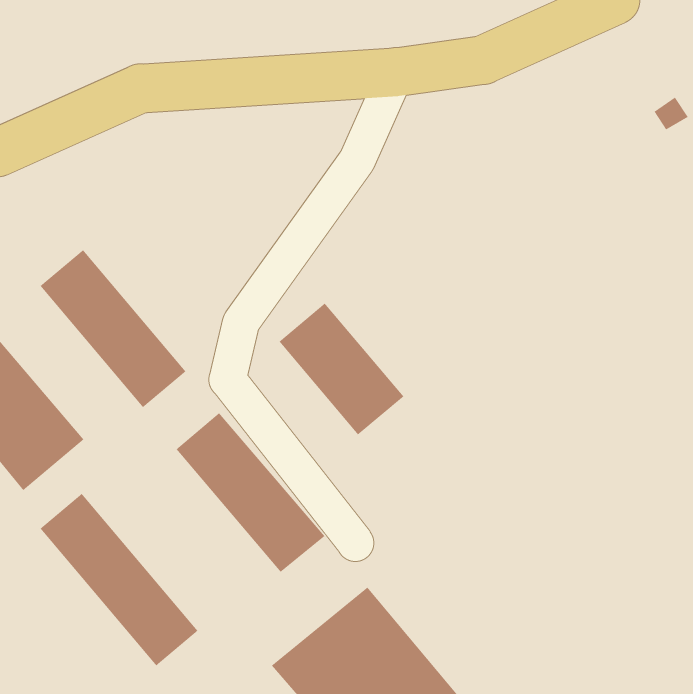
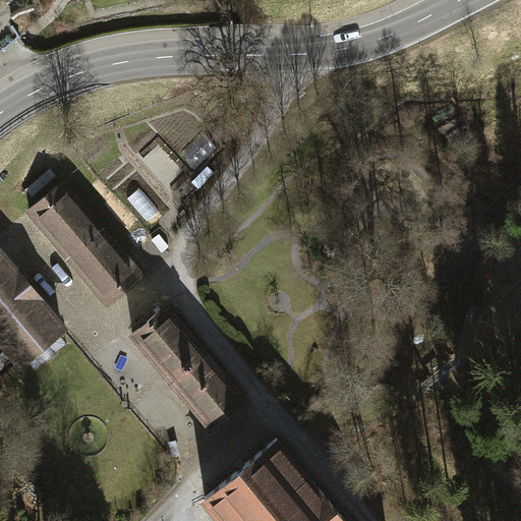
building: [278,302,404,436] -> none
building: [40,493,198,666] -> none

